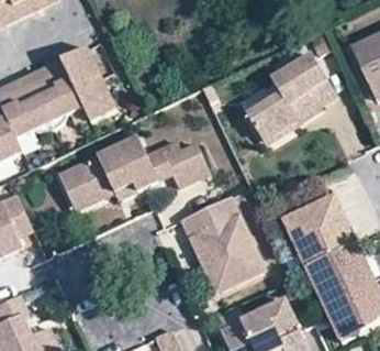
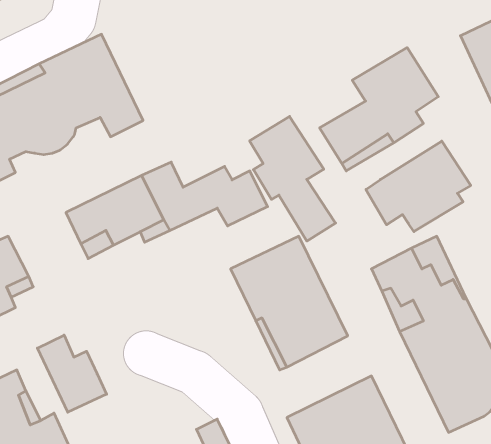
building: none -> [250,116,336,241]
building: none -> [366,141,471,232]
building: none -> [37,335,107,412]

